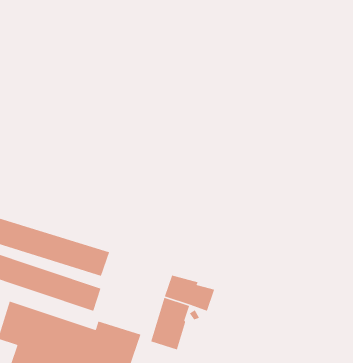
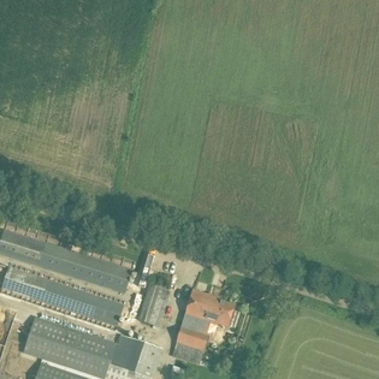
building: none -> [138,285,170,326]

